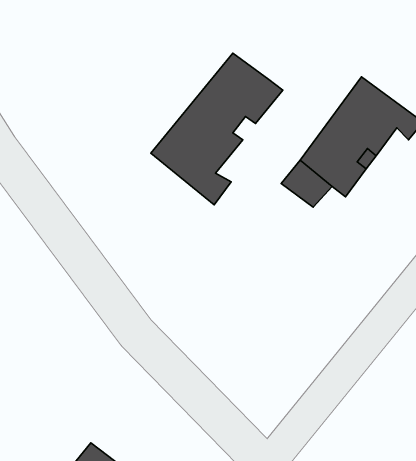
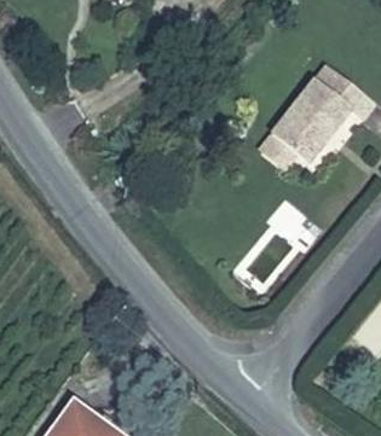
building: [151,53,283,205] -> none

